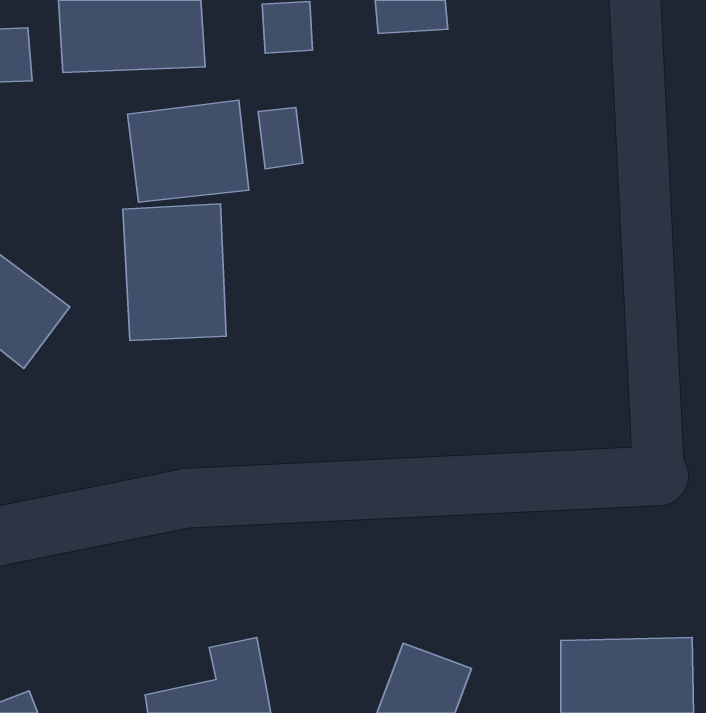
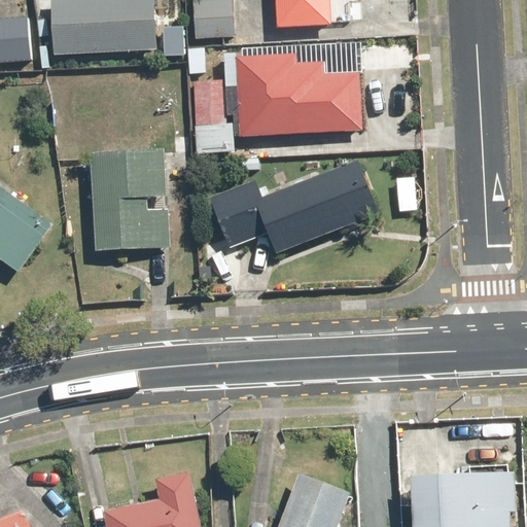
building: none -> [235,56,361,137]
building: [128,100,249,202] -> none
building: none -> [210,159,379,253]

